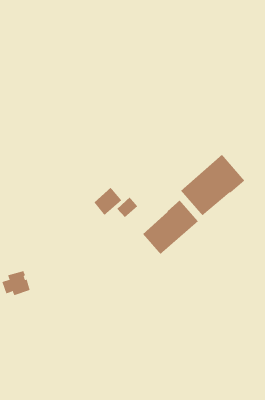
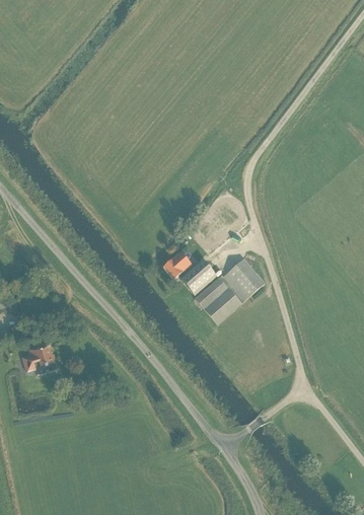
building: [180,154,245,216] -> none
building: [94,187,122,216] -> [180,259,216,294]

